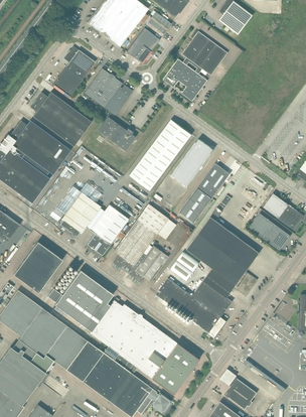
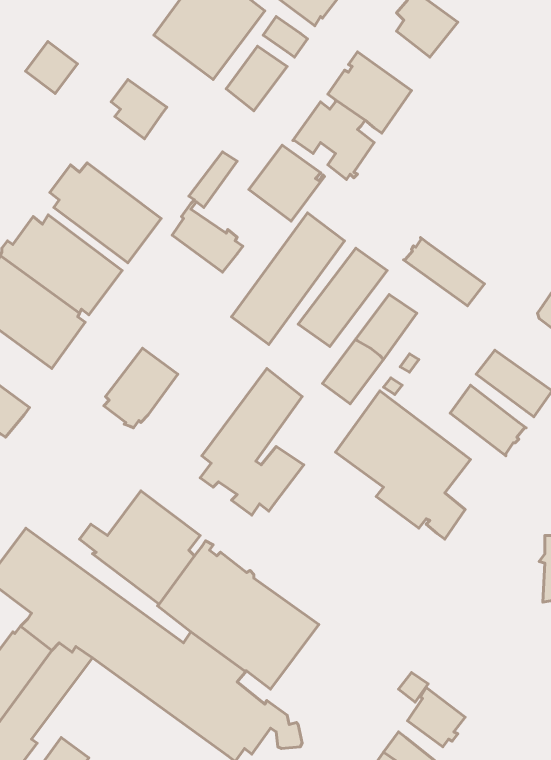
building: [54,66,83,95] -> [25,42,77,93]
building: [84,68,125,110] -> [249,145,325,221]
building: none -> [404,238,485,306]
building: [88,204,129,255] -> none
building: [13,242,62,292] -> none
building: [170,251,199,281] -> none
building: [156,273,233,337] -> none
building: [151,342,199,394] -> none

